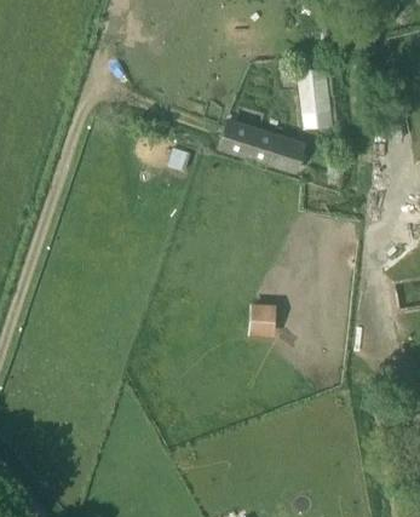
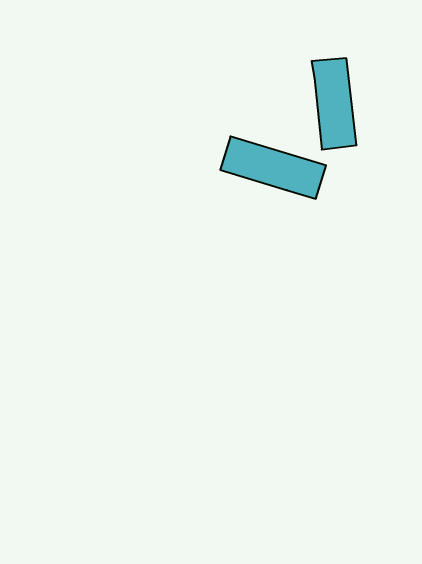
building: [249,304,277,339] -> none

